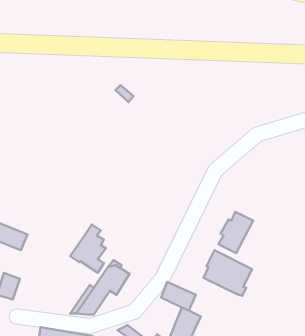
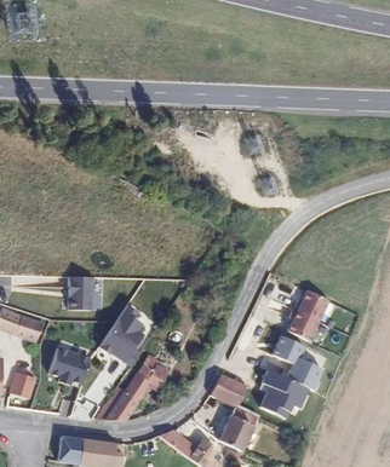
building: none -> [69,276,96,311]
building: none -> [52,342,94,382]
building: none -> [256,373,303,416]

